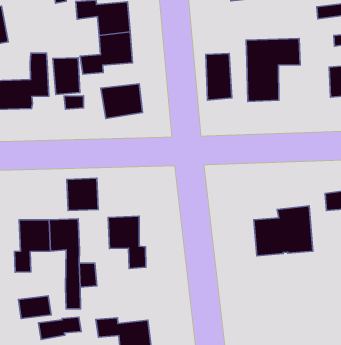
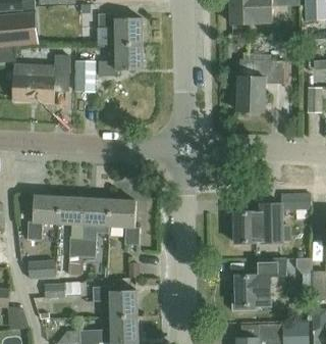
building: [206,53,232,100] -> none
building: [101,84,143,119] -> none
building: [67,178,98,211] -> [84,198,110,226]
building: none -> [231,258,285,308]

